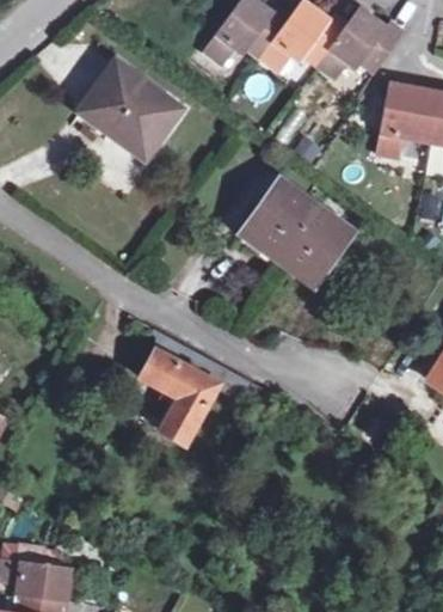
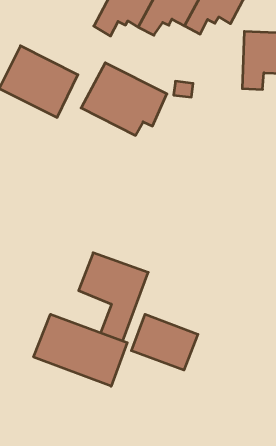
building: [240,178,349,274] -> [81,63,167,135]
building: none -> [34,314,127,386]
building: none -> [131,314,198,370]

